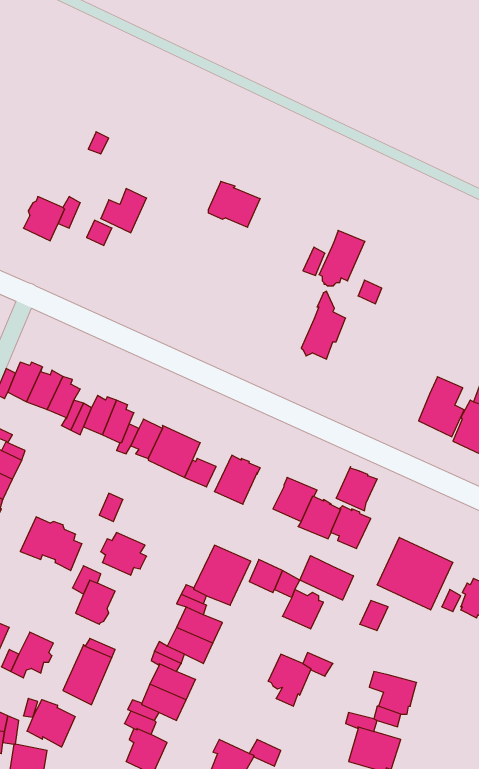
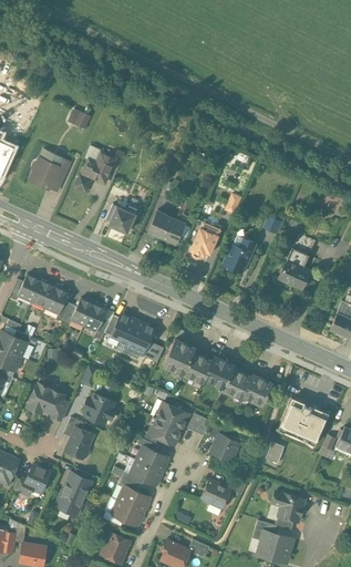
building: [208,181,260,227] -> [148,212,185,244]
building: [319,230,365,286] -> [189,219,221,258]
building: none -> [106,202,137,234]
building: [419,377,464,437] -> [278,248,310,290]
building: [336,467,377,511] -> [183,352,211,383]
building: [300,556,353,600] -> none
building: [27,700,75,747] -> none

